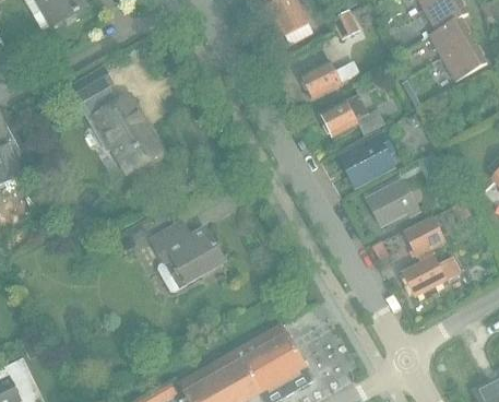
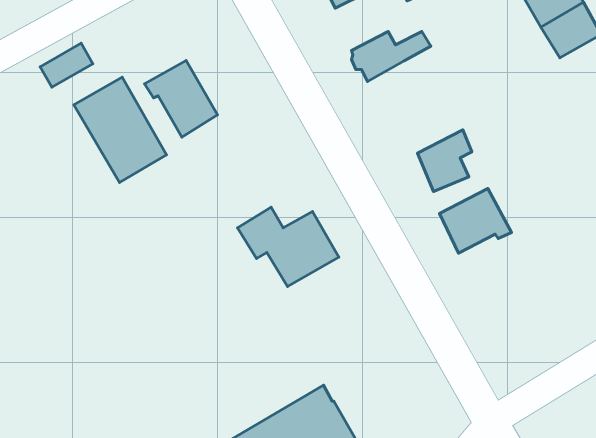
building: none -> [144,61,218,137]
building: [320,94,384,135] -> none
building: [403,218,462,296] -> none
building: [151,224,226,283] -> [238,207,339,286]

